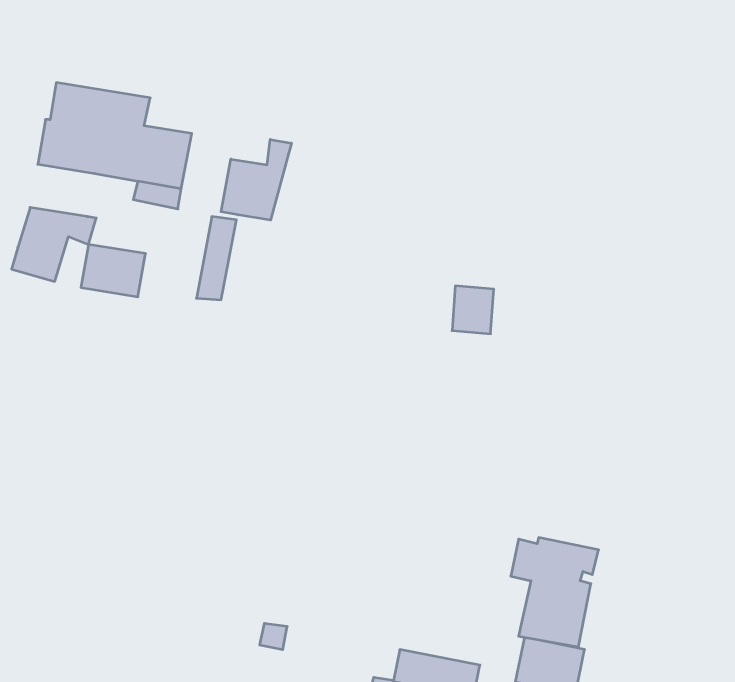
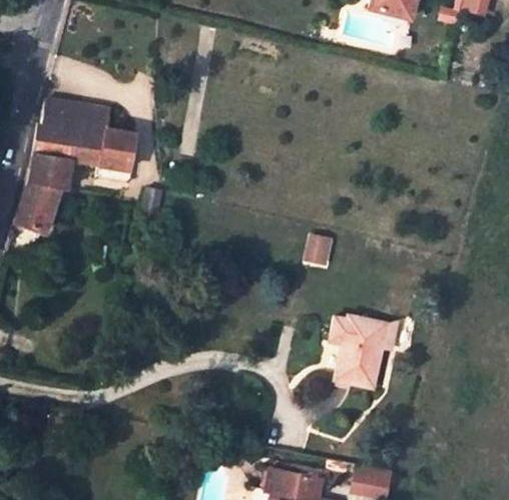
building: [221,139,291,220] -> none
building: [81,244,146,297] -> [30,153,72,187]
building: [511,538,599,647] -> [331,316,388,387]

